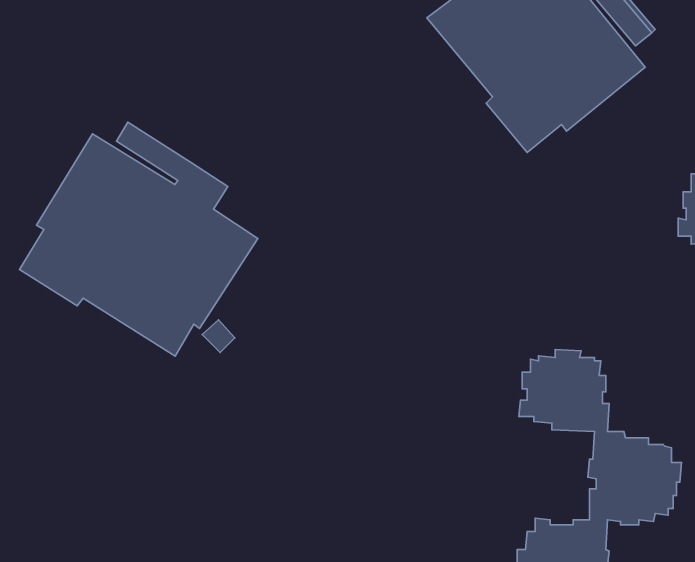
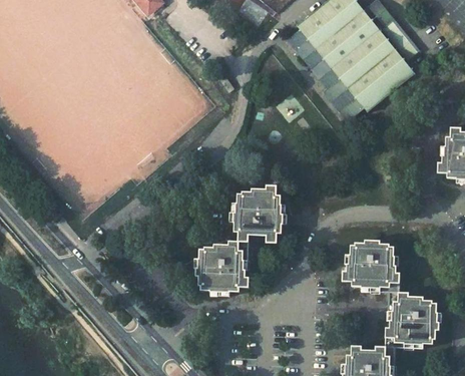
building: [20,122,258,356] -> none
building: none -> [192,185,284,297]

